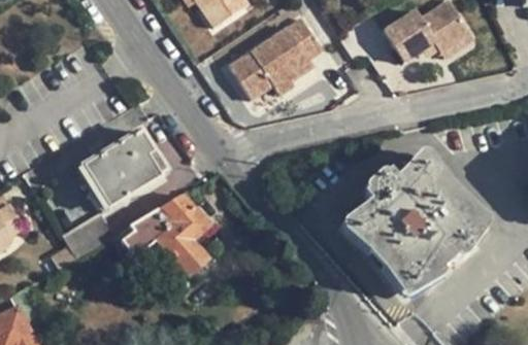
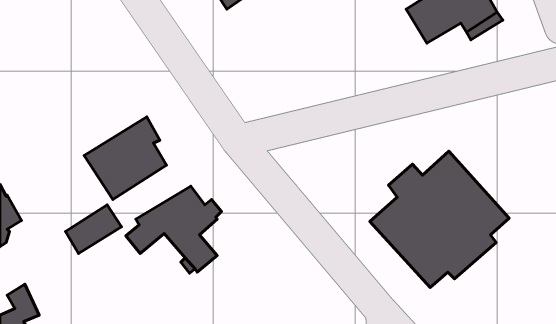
building: [228,28,312,101] -> none

